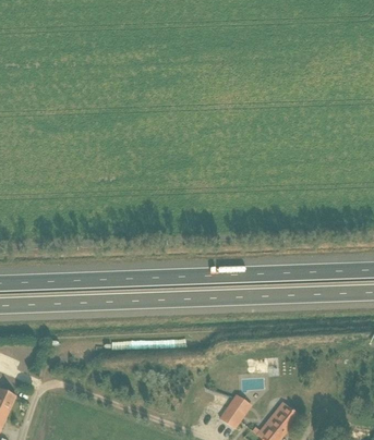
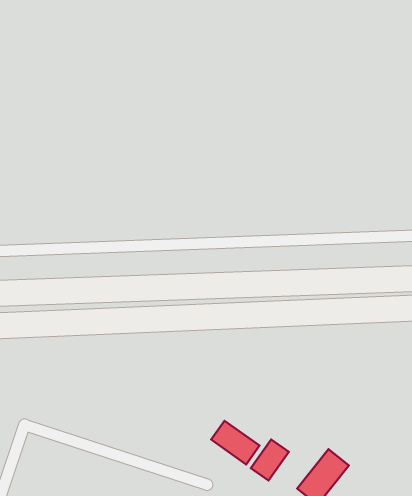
building: none -> [211,421,259,464]

